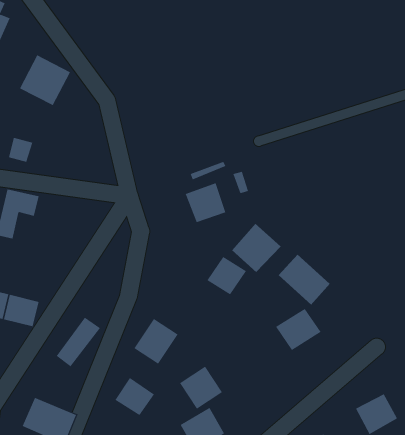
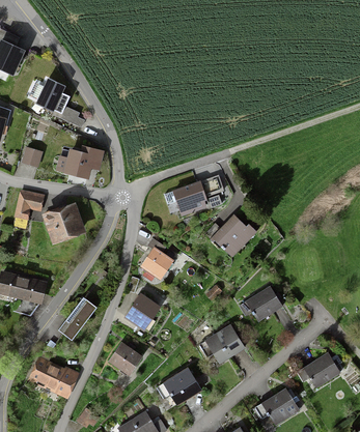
building: none -> [56,150,104,180]
building: none -> [45,203,88,246]
building: [278,254,331,305] -> none
building: [207,256,247,295] -> [142,249,175,281]
building: [179,366,223,410] -> [205,327,242,364]

